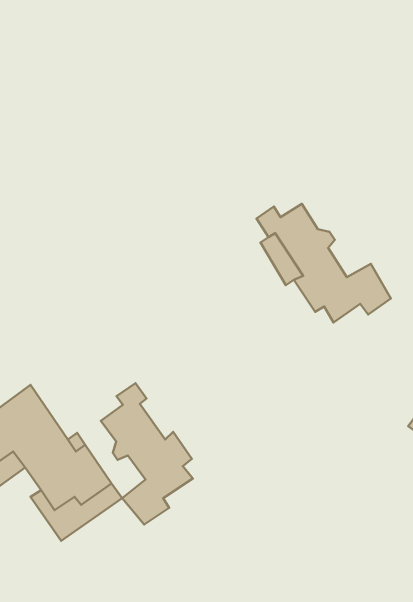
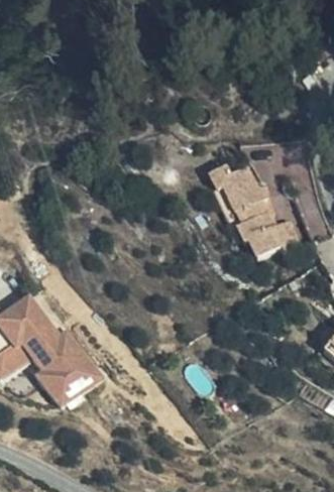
building: [101,383,193,525] -> none

